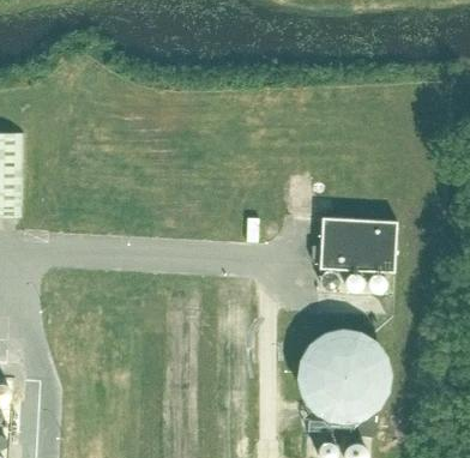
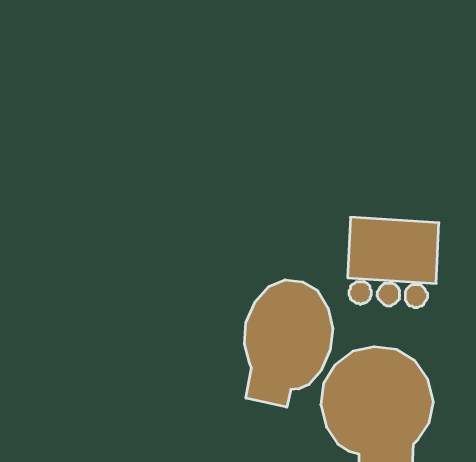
building: none -> [245,280,333,407]

